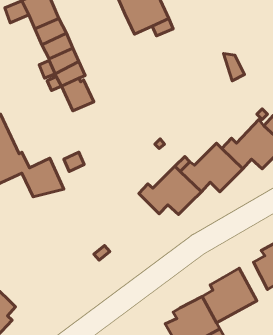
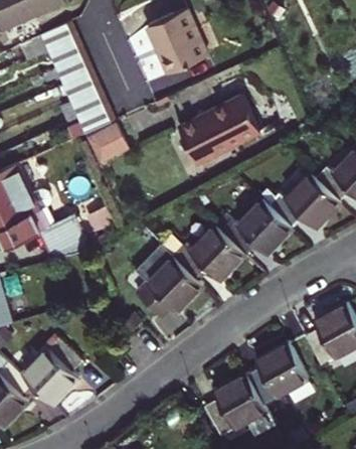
building: none -> [178,97,259,164]
building: none -> [135,245,202,316]
building: none -> [22,338,82,406]

